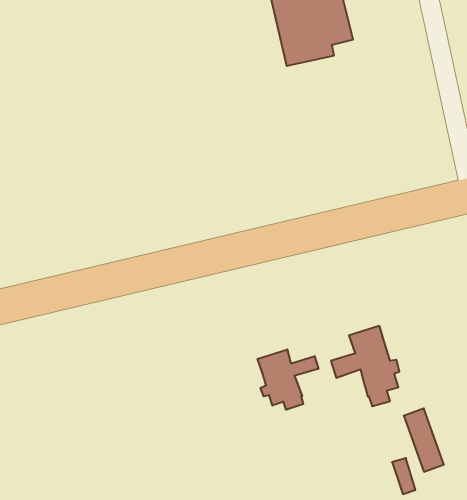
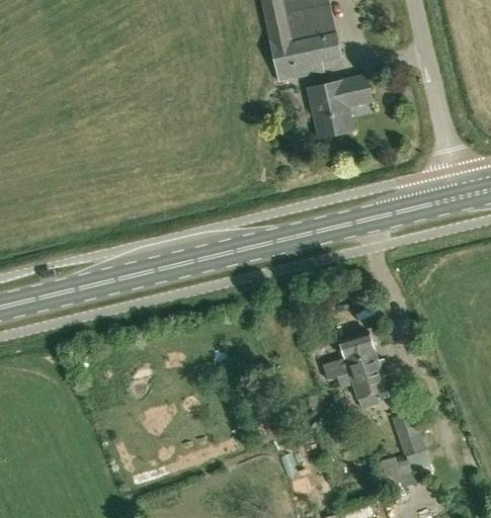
building: none -> [308,75,372,138]
building: [258,349,318,410] -> none

